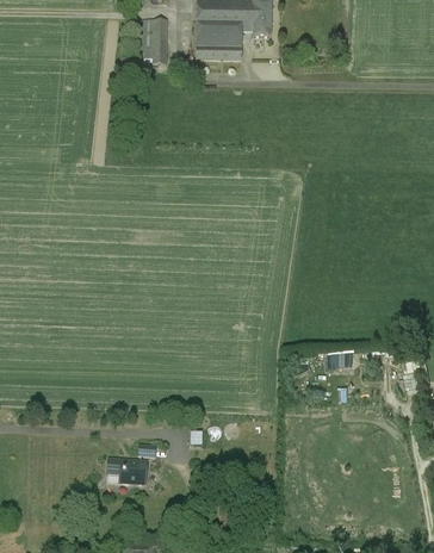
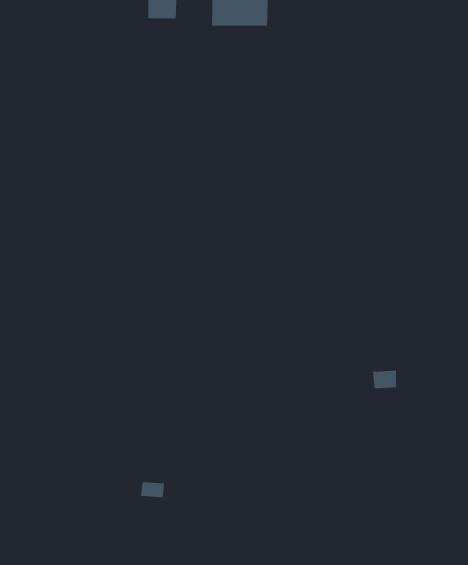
building: [107,456,147,483] -> none

